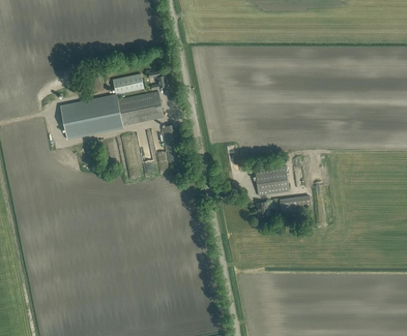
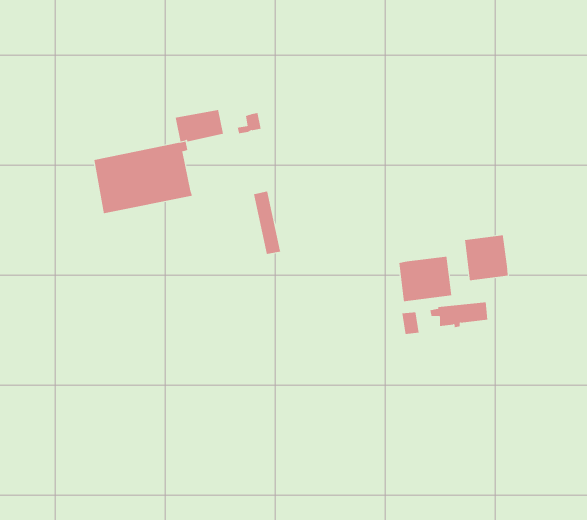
building: [117,91,164,125] -> none
building: none -> [465,235,508,281]

